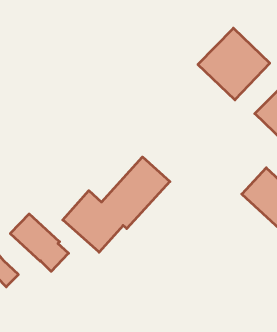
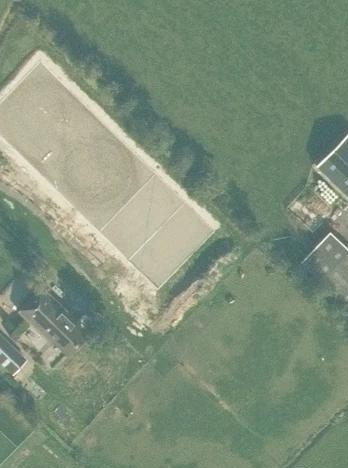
building: [198,28,270,100] -> none
building: [63,157,170,252] -> none

